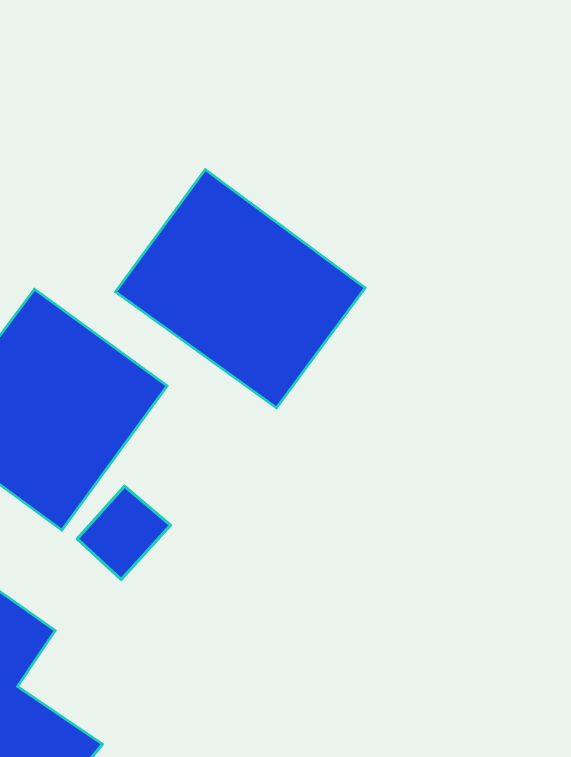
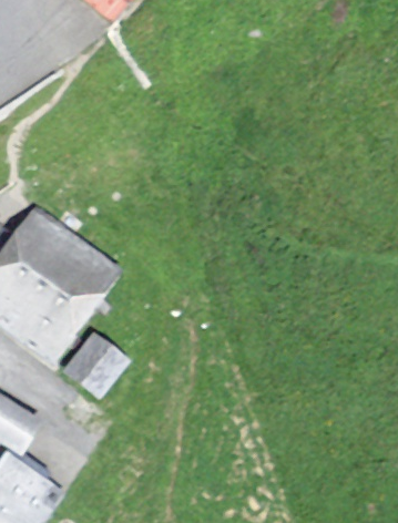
building: [115,170,365,408] -> none

